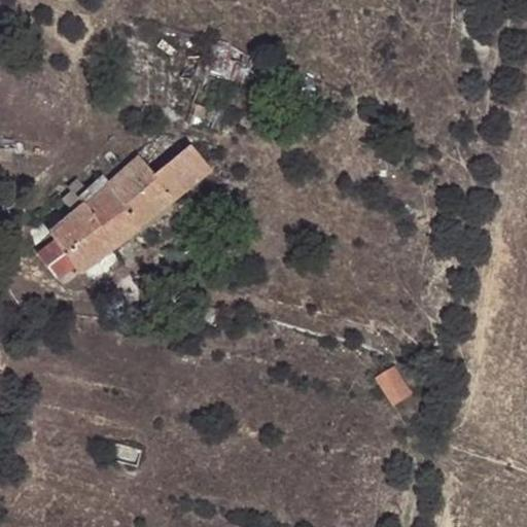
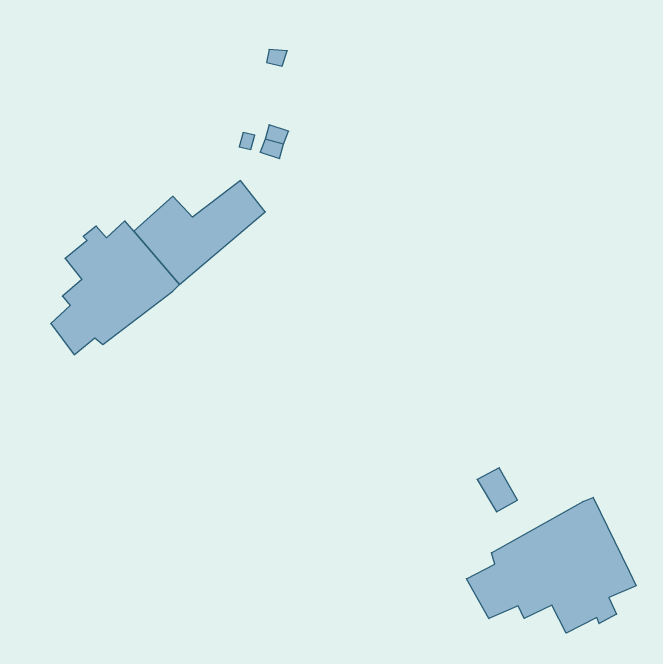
building: none -> [466,497,636,633]

